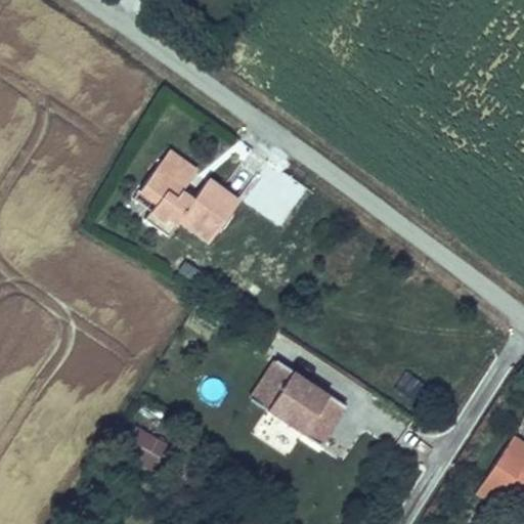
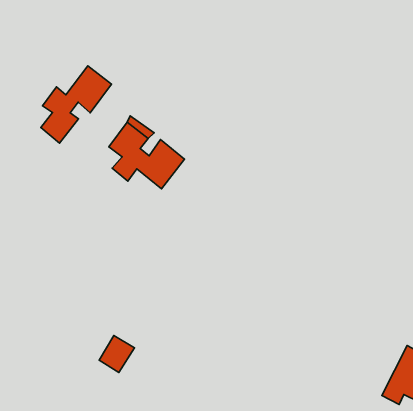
building: none -> [41,66,111,143]
building: [252,363,347,447] -> none

